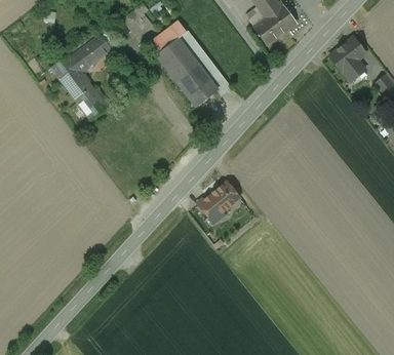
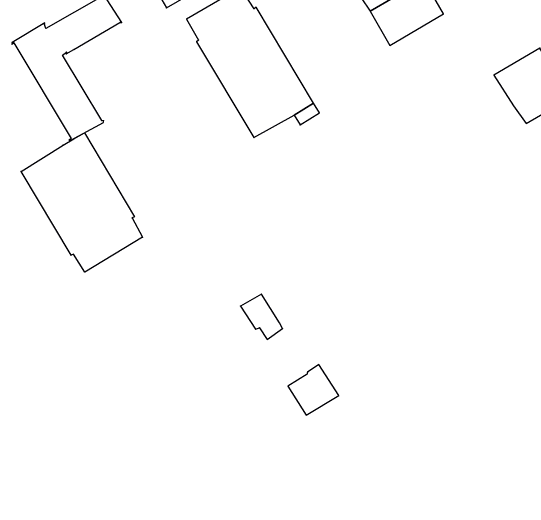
building: none -> [21,133,143,272]
building: [209,181,239,210] -> [288,365,339,415]

